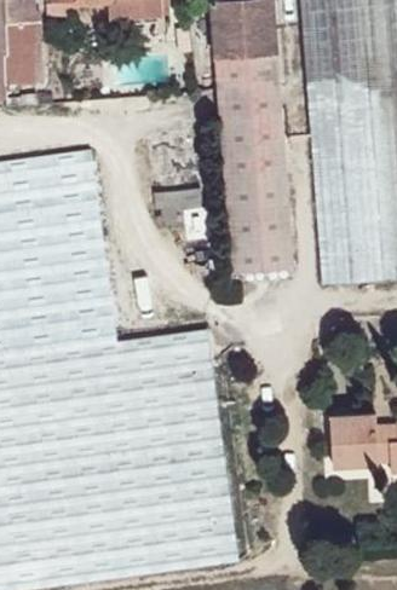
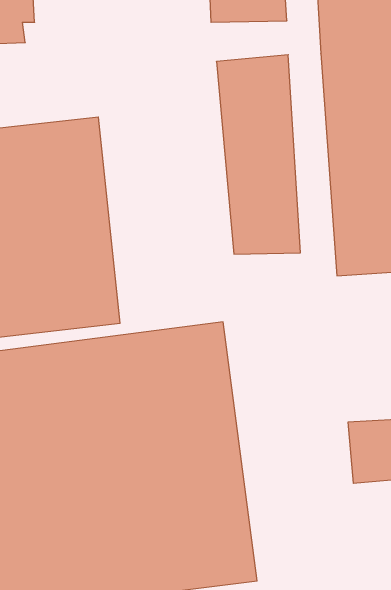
building: [208,59,277,96] -> none

